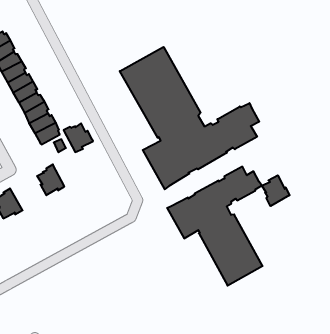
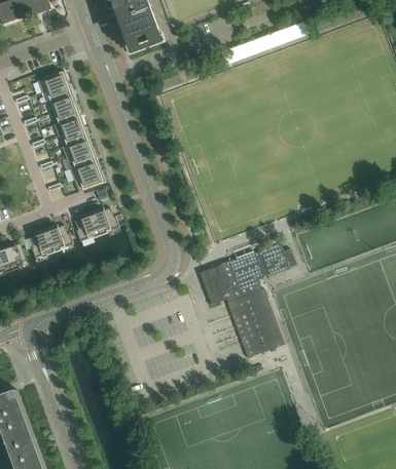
building: [120,47,259,189] -> none
building: [64,123,93,152] -> [91,208,118,236]
building: [262,175,290,206] -> none
building: none -> [44,226,72,253]

